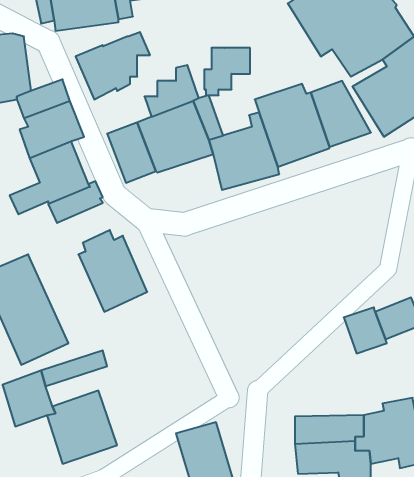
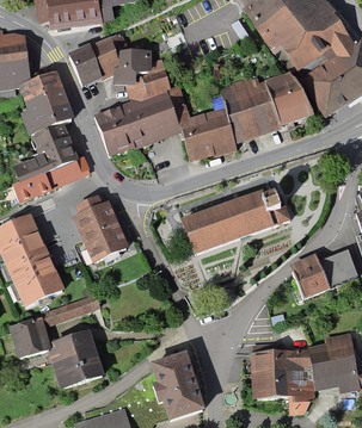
building: [204,48,250,95] -> [113,50,152,89]
building: none -> [13,172,53,204]
building: none -> [180,190,288,254]

